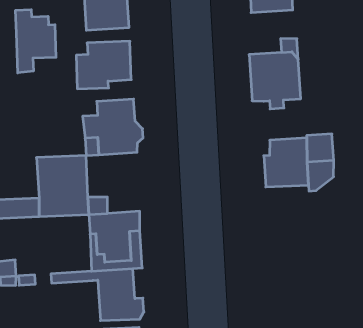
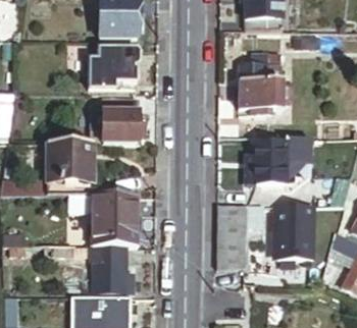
building: [16,10,56,73] -> none
building: none -> [275,204,315,258]
building: none -> [216,202,247,268]

